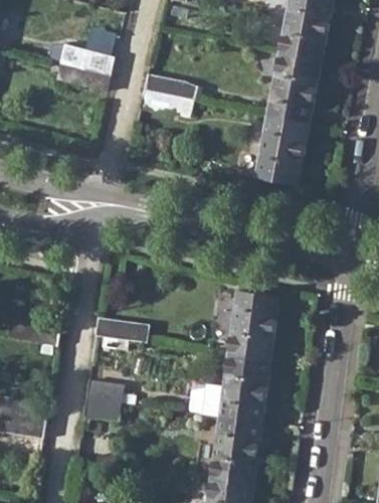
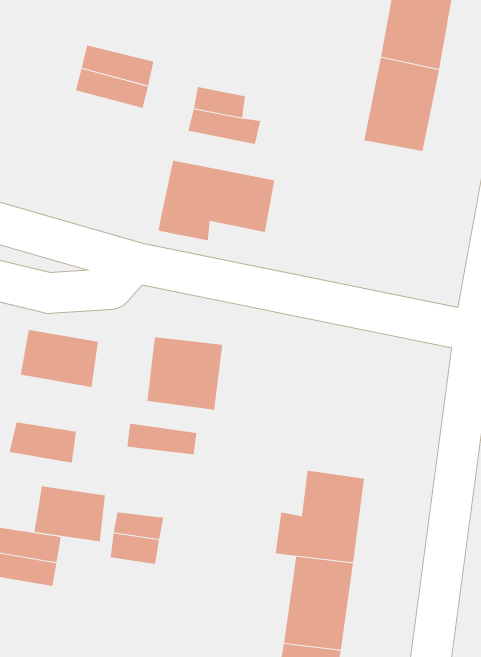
building: [255,113,311,184] -> none
building: none -> [158,160,275,241]
building: none -> [20,329,98,388]
building: none -> [147,336,223,410]
building: [226,290,277,358] -> none
building: none -> [34,486,106,542]

